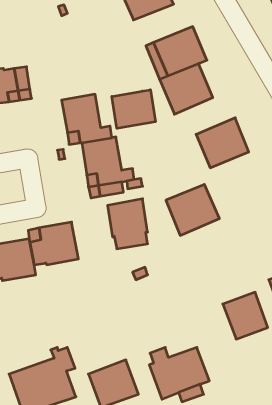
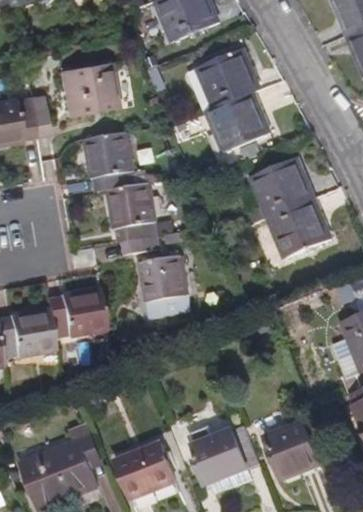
building: none -> [60,60,117,113]
building: [112,90,155,128] -> none
building: [166,184,219,235] -> [263,197,327,258]
building: [223,292,268,339] -> [265,428,319,484]

